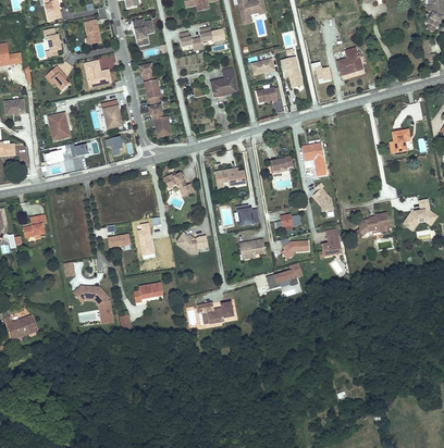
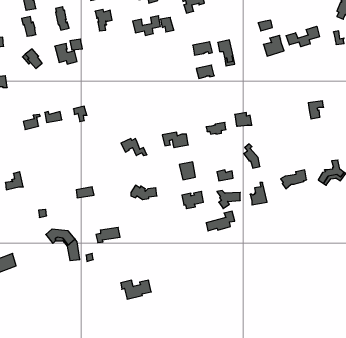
building: none -> [286,26,320,47]
building: [140,63,171,136] -> none
building: [211,69,237,97] -> none
building: [101,100,123,127] -> none
building: [48,111,72,140] -> none
building: [198,301,235,324] -> [121,280,151,299]

